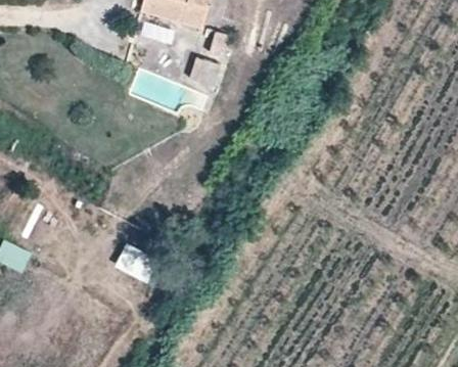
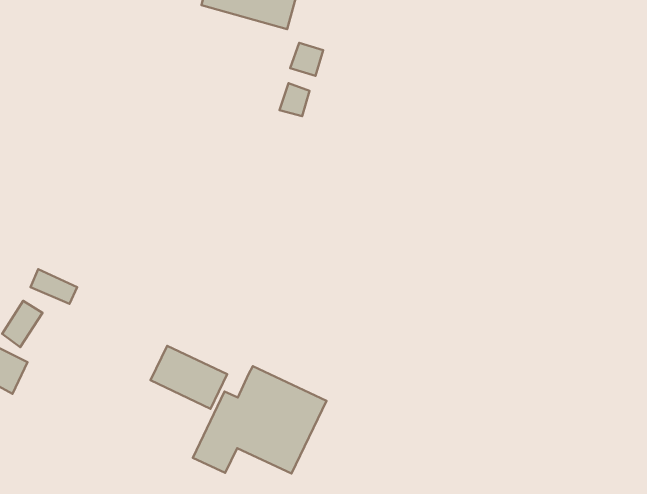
building: none -> [193,366,326,474]

